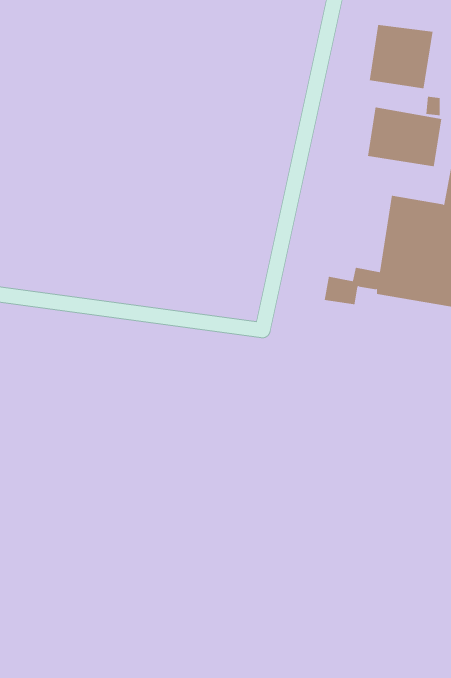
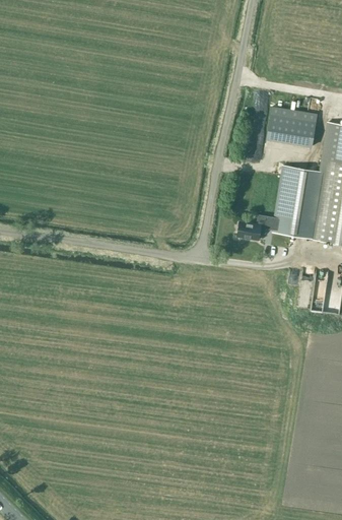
building: [369,24,433,89] -> none

